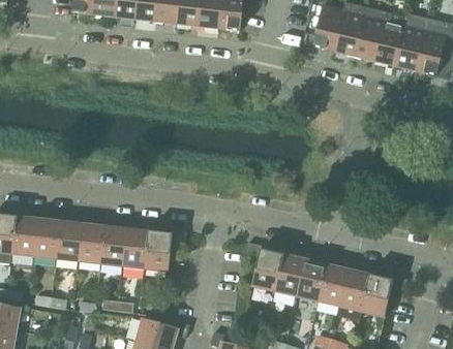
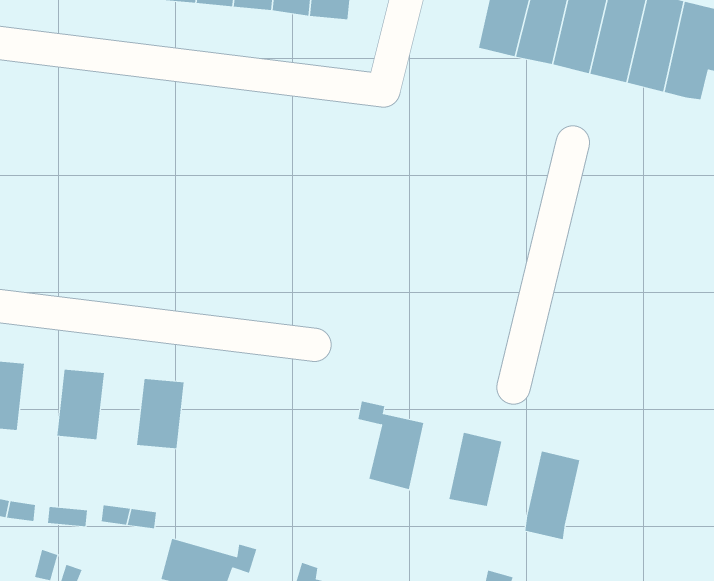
building: [56,221,82,261] -> none
building: [100,226,126,266] -> none
building: [145,229,185,272] -> none
building: [274,254,304,296] -> none
building: [318,264,348,306] -> none
building: [361,275,406,316] -> none

